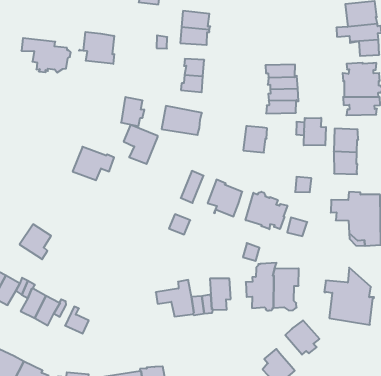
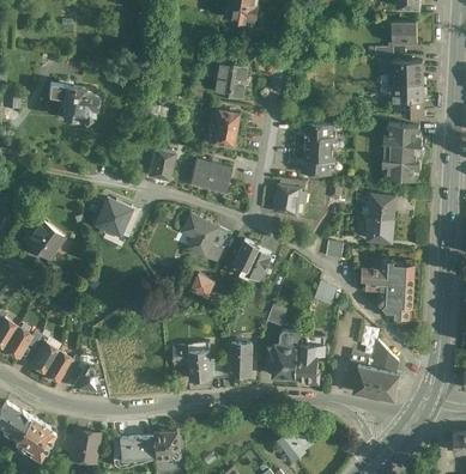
building: [79,32,114,64] -> none
building: [304,118,326,145] -> none
building: [124,125,158,164] -> [182,214,218,256]
building: [246,192,287,229] -> none
building: [20,224,51,259] -> [24,218,58,255]
building: [285,320,319,355] -> none

